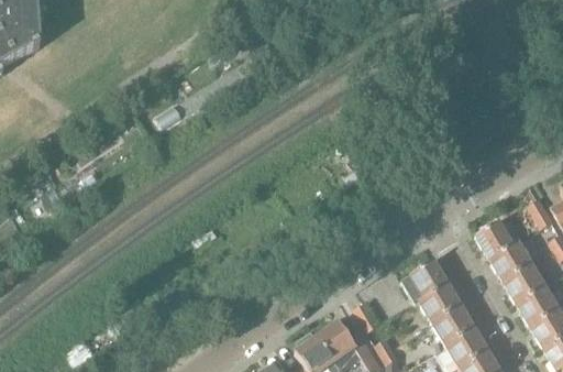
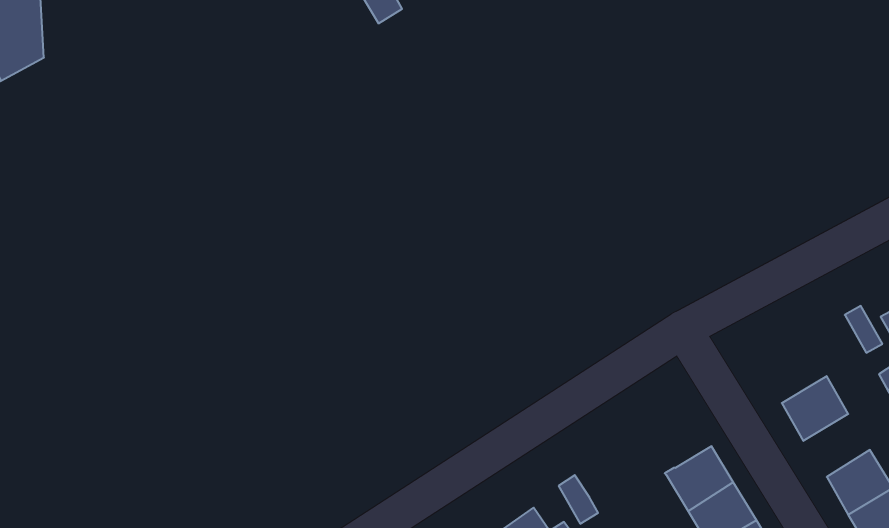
building: [477,221,512,258] -> none
building: [401,260,448,304] -> none
building: [504,264,544,303] -> none

